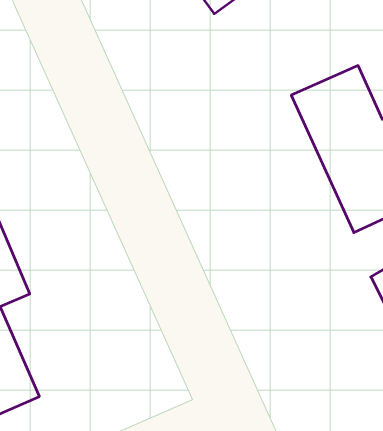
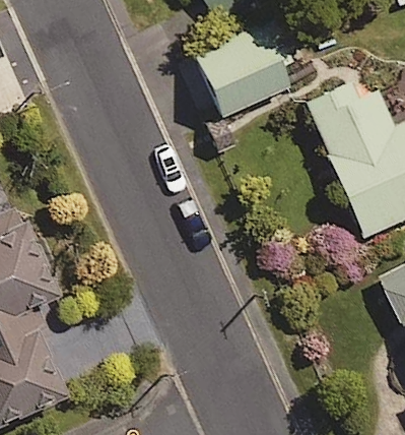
building: none -> [194,24,290,117]

